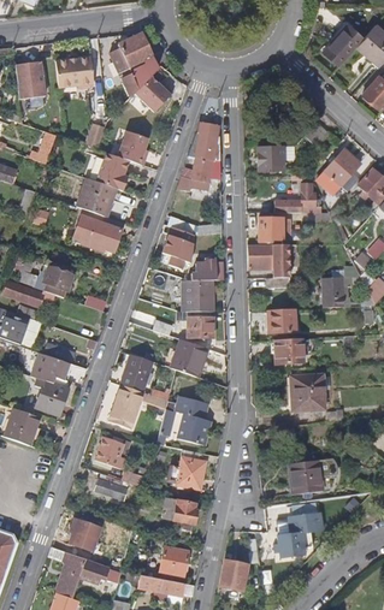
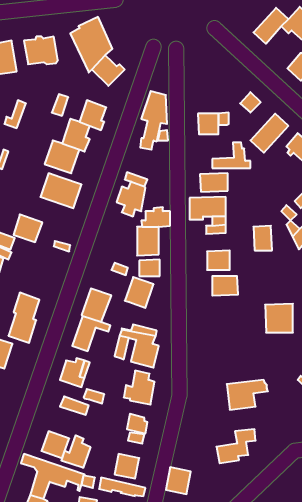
building: [288,373,320,407] -> [265,304,293,333]
building: none -> [61,435,90,468]

